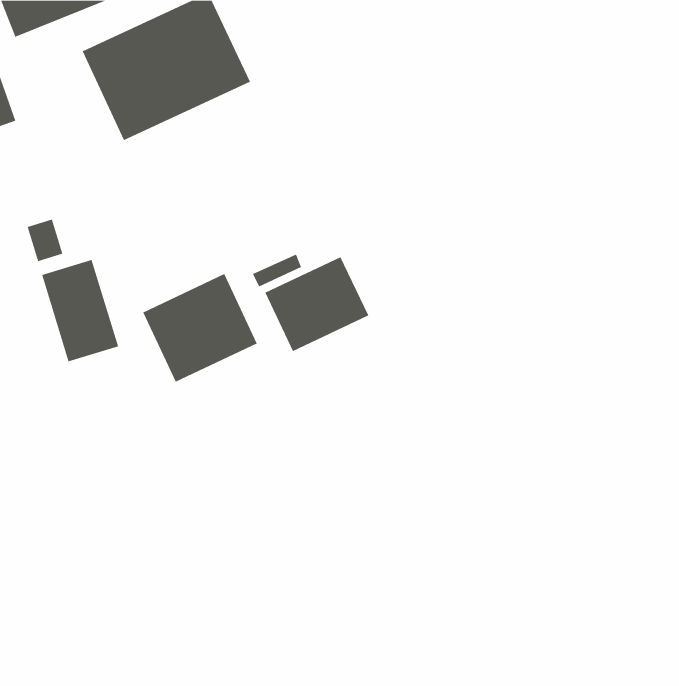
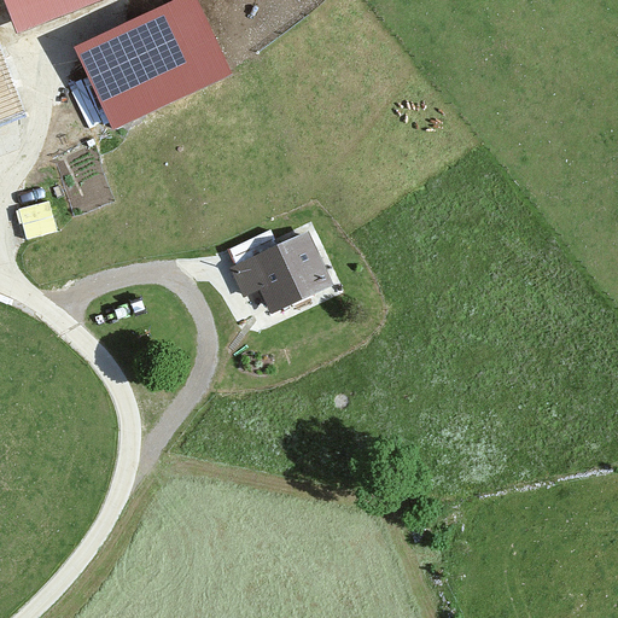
building: [41,259,119,362] -> none
building: [142,273,258,383] -> none

